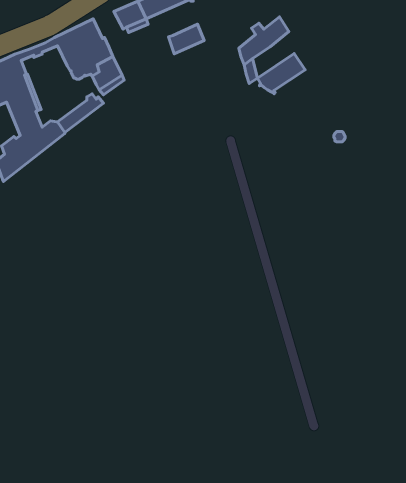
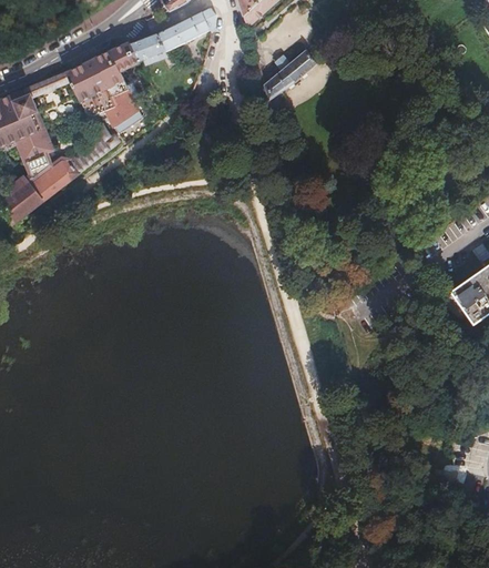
building: none -> [108,41,140,71]
building: [168,24,204,54] -> none
building: [258,53,305,94] -> none

